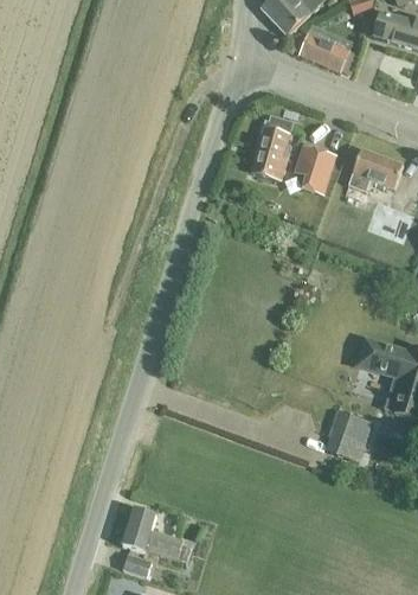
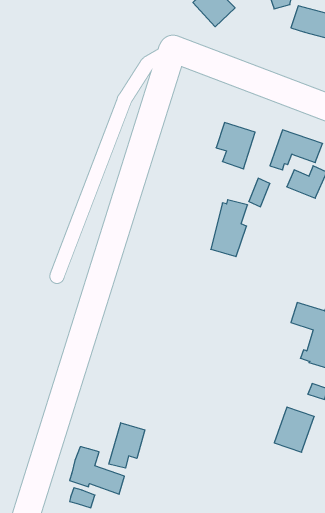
building: [291,31,349,70] -> none
building: [252,116,294,180] -> [211,200,248,257]
building: [324,410,369,461] -> [274,407,314,452]
building: none -> [109,423,145,468]

